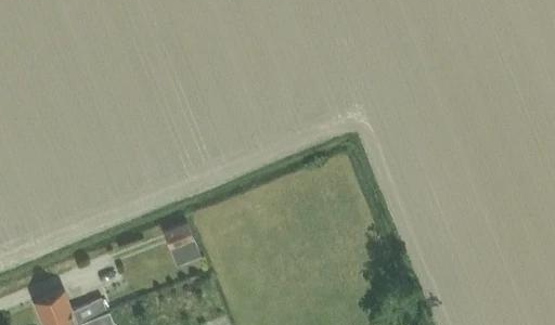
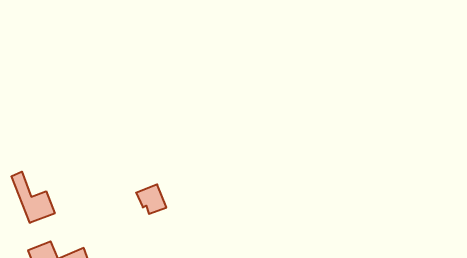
building: none -> [11,172,55,223]

